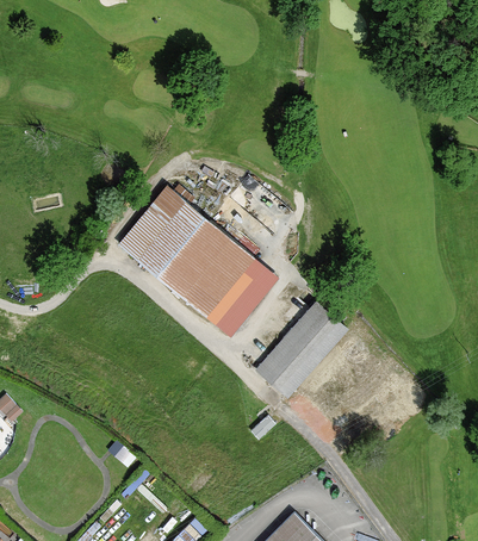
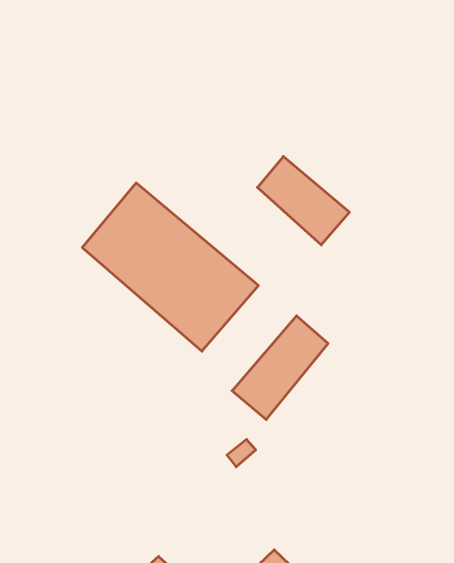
building: none -> [257,156,349,245]

